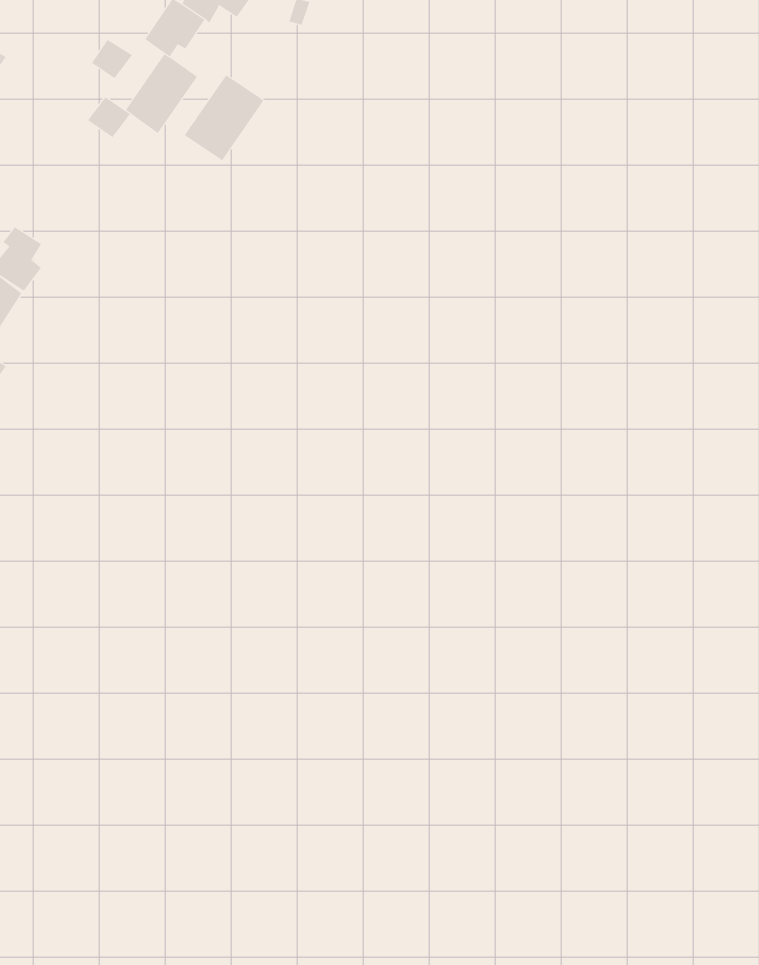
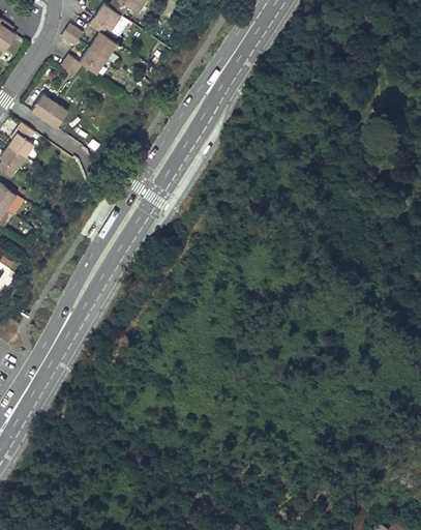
building: [184,74,264,161] -> none
building: none -> [30,92,69,129]

